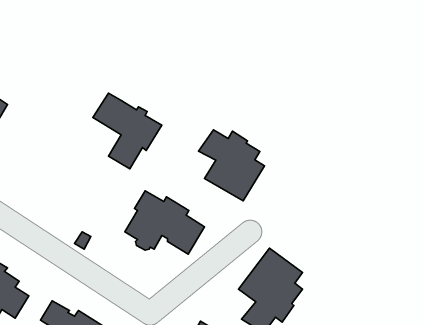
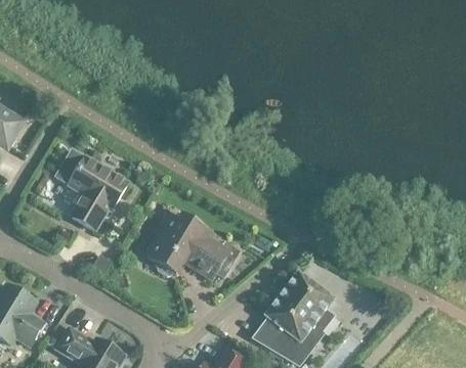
building: [93,93,162,169] -> [55,149,128,229]
building: [198,130,265,201] -> none

